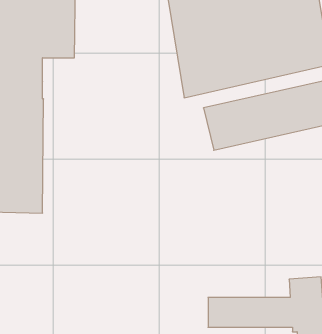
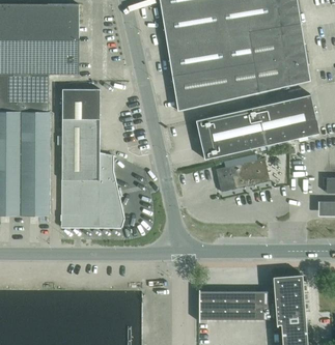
building: none -> [61,90,123,228]
building: none -> [216,159,269,192]

